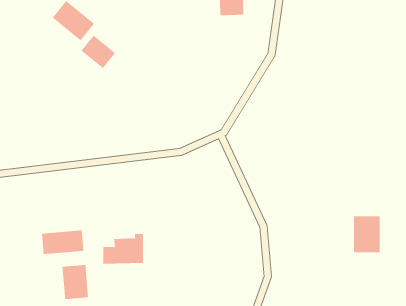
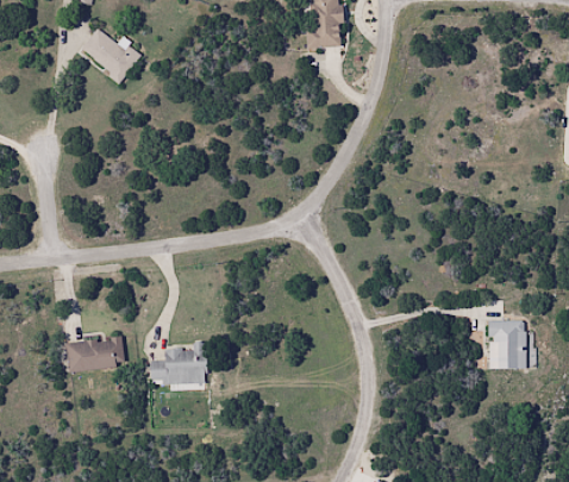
building: [81,35,116,69] -> none
building: [62,264,89,300] -> none

